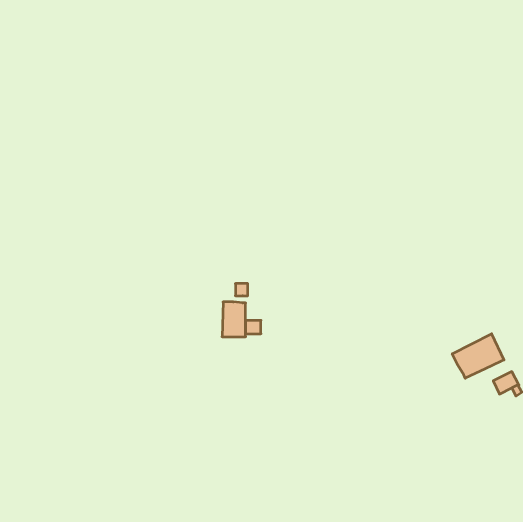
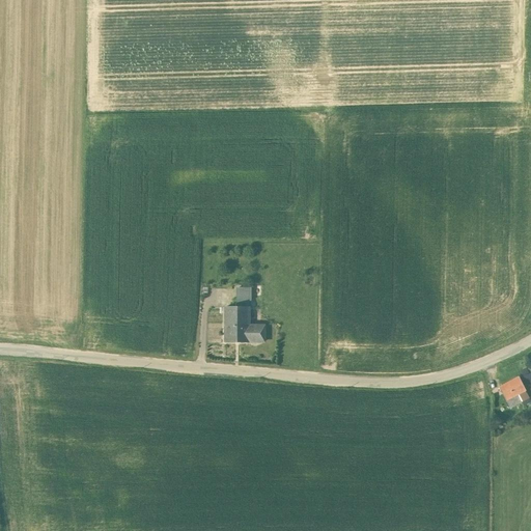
building: [452,334,504,378] -> none

